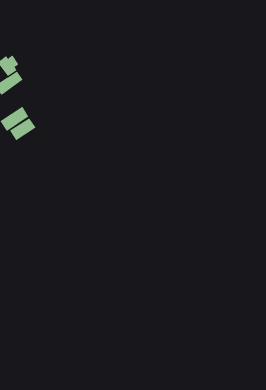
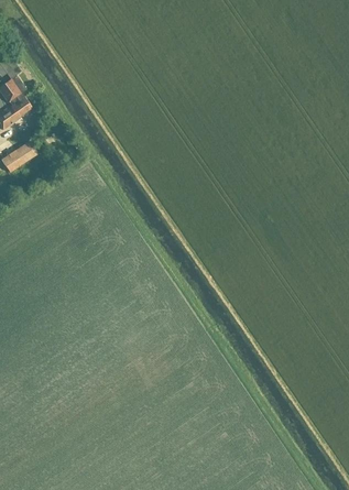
building: [9,118,36,141] -> none

